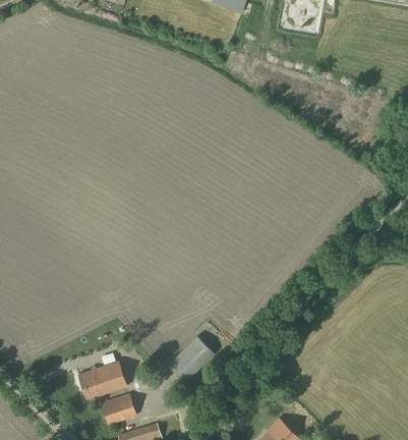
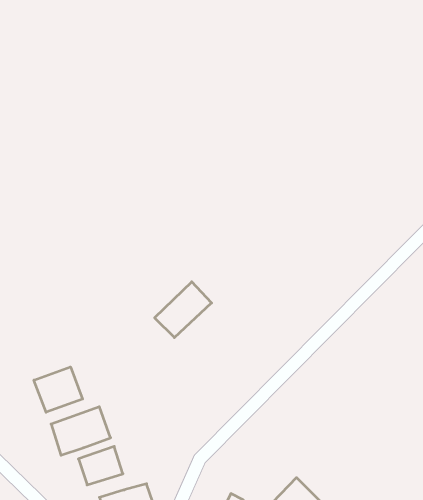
building: none -> [34,367,83,412]
building: [168,336,215,382] -> [155,282,212,338]

